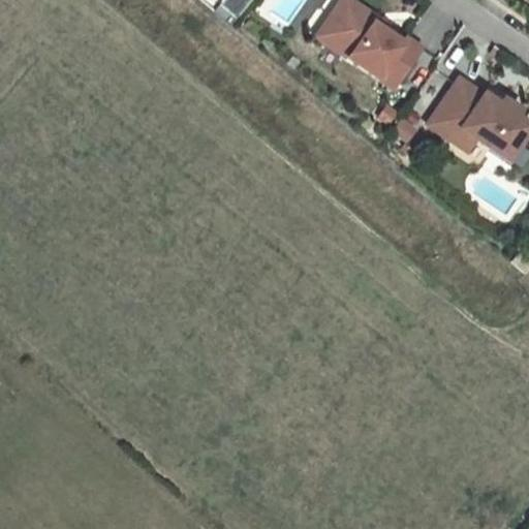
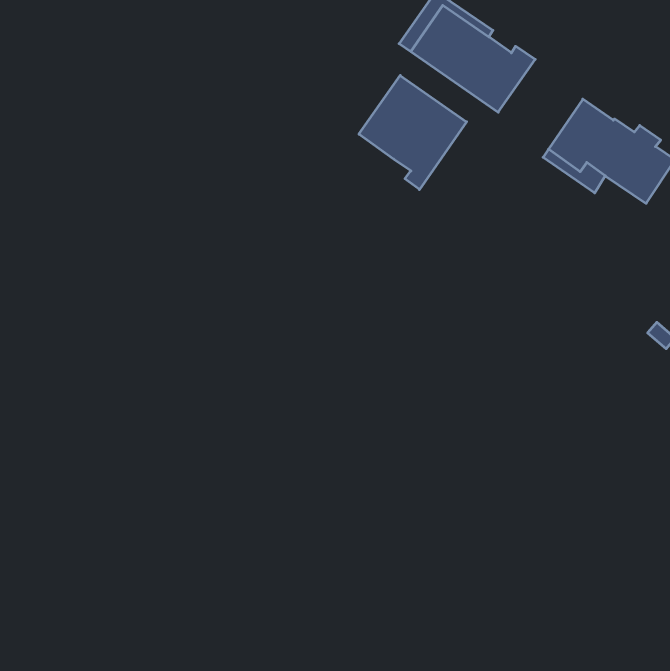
building: none -> [359,75,467,190]

